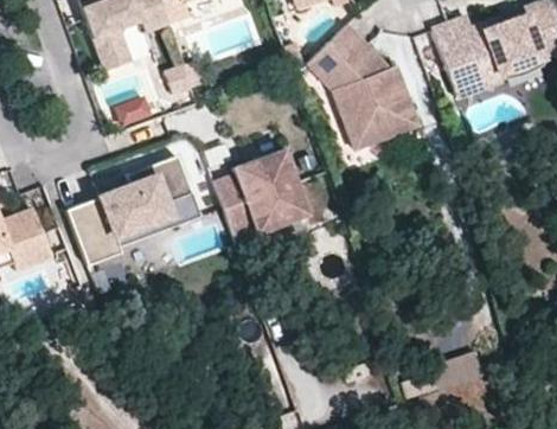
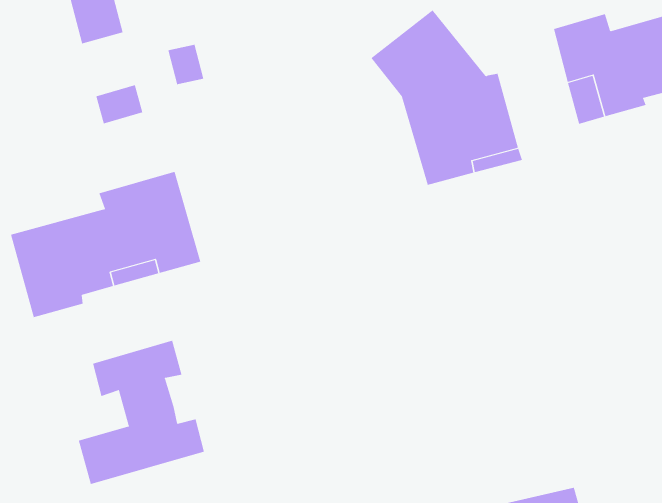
building: [213,148,309,236] -> none
building: none -> [78,340,205,485]

